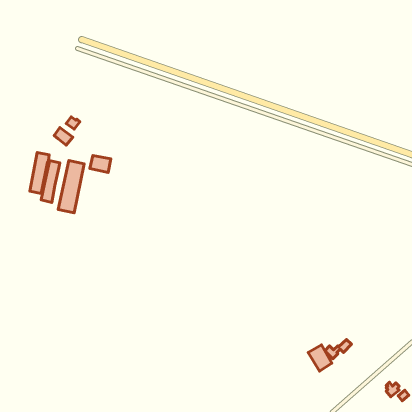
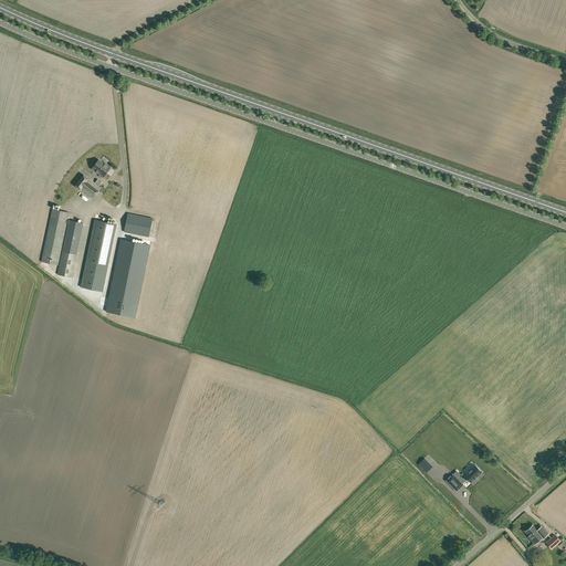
building: none -> [105,239,149,317]
building: [308,345,332,371] -> none

